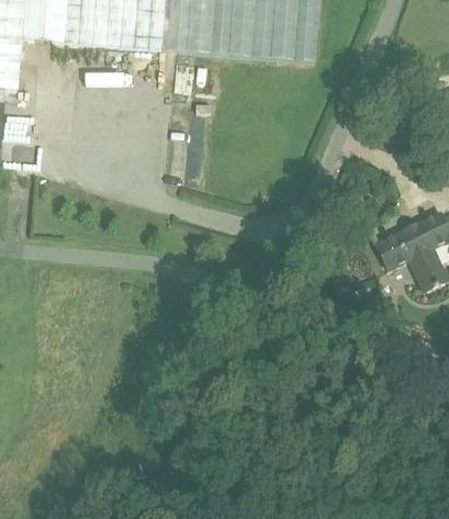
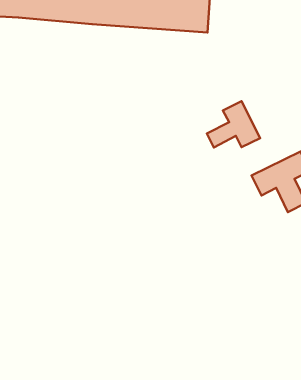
building: none -> [207,101,260,147]

